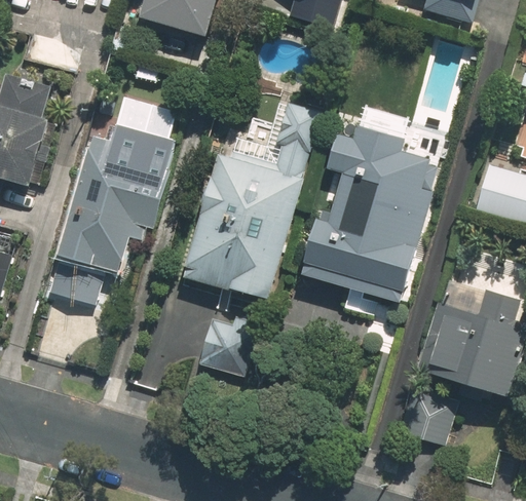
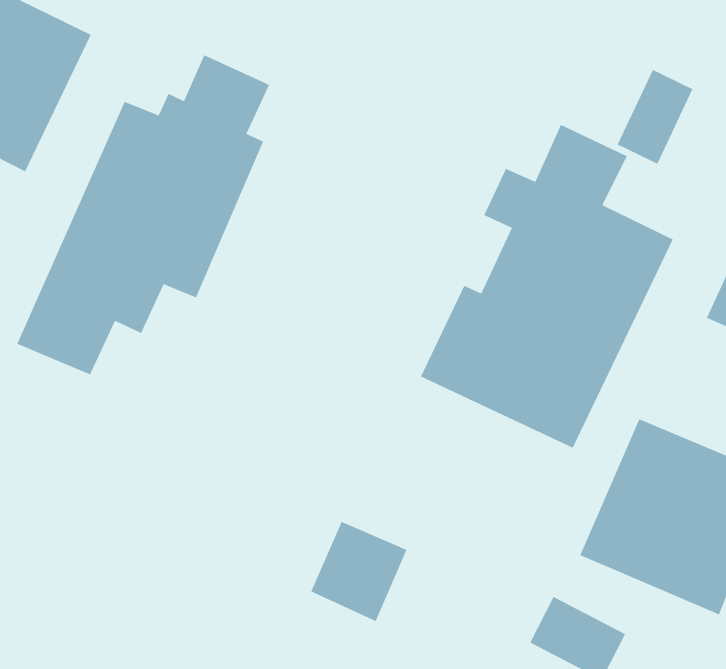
building: none -> [617,69,694,165]
building: [181,104,318,301] -> none
building: [198,318,255,378] -> [310,521,408,622]

